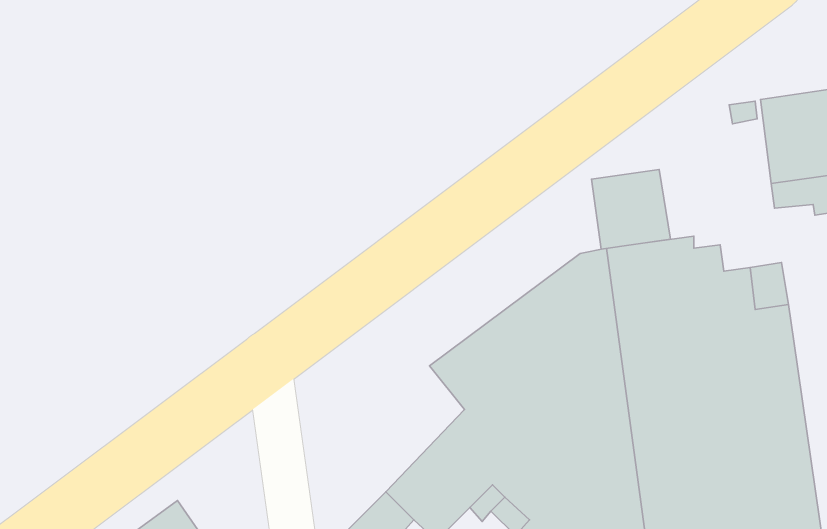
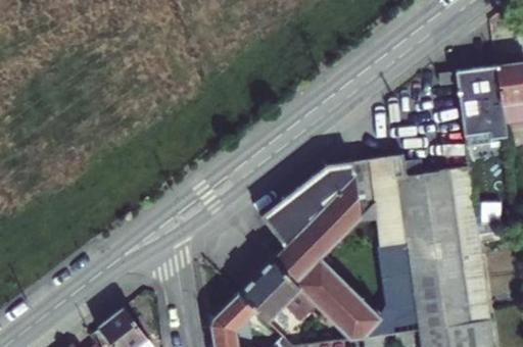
building: [591,170,670,249] -> none

